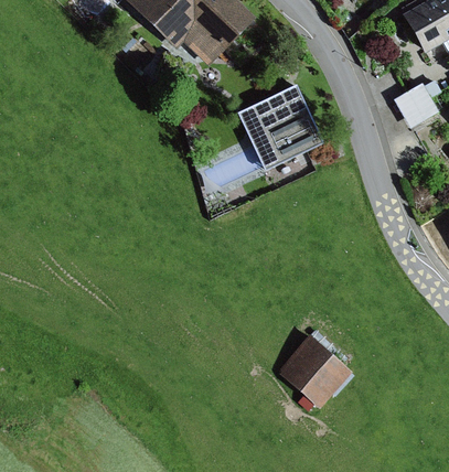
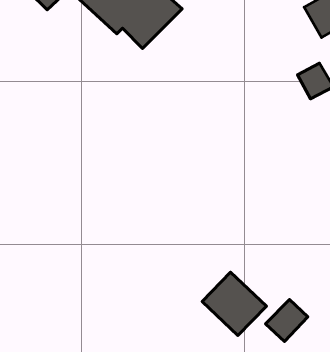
building: [238,85,322,170] -> none
building: none -> [265,300,308,341]

